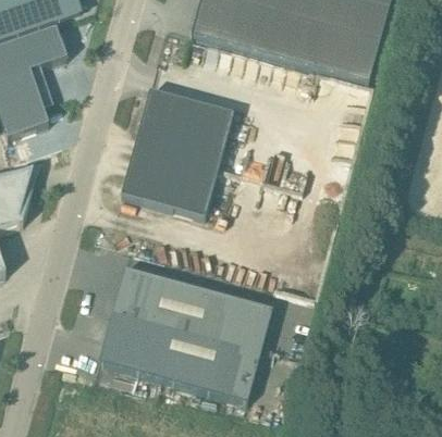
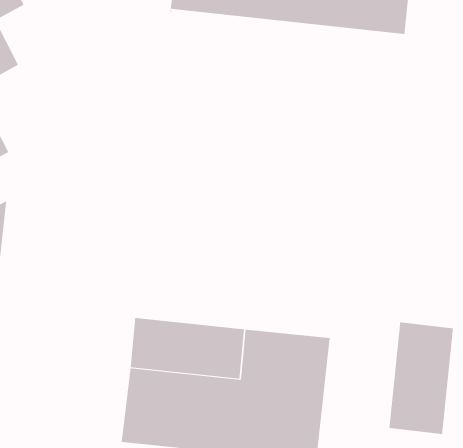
building: [121,88,234,215] -> none
building: none -> [389,322,454,435]

